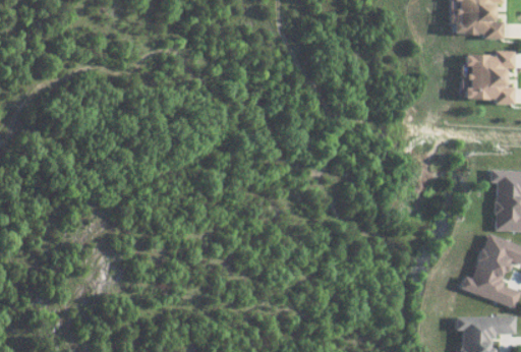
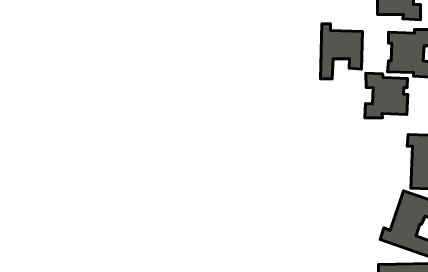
building: none -> [321,24,363,79]
building: none -> [365,73,408,118]

